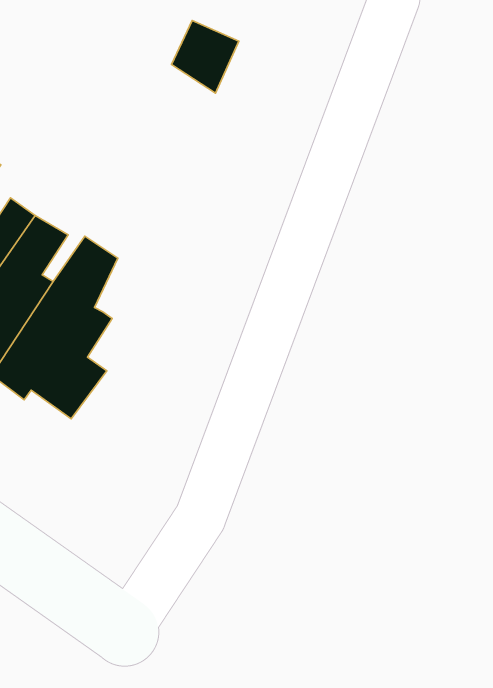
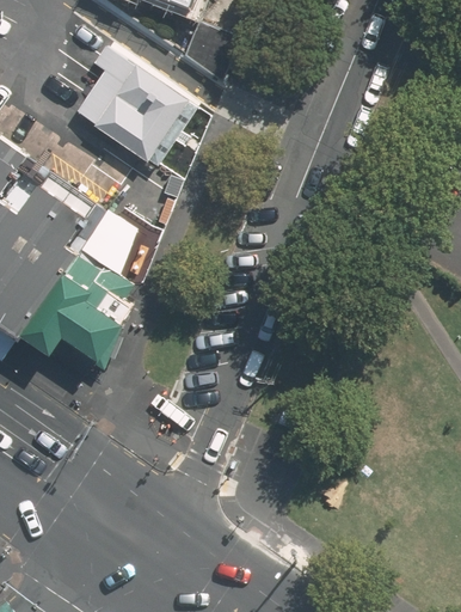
building: none -> [70,48,182,159]

